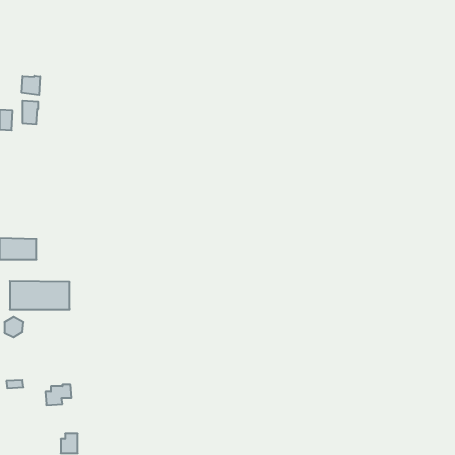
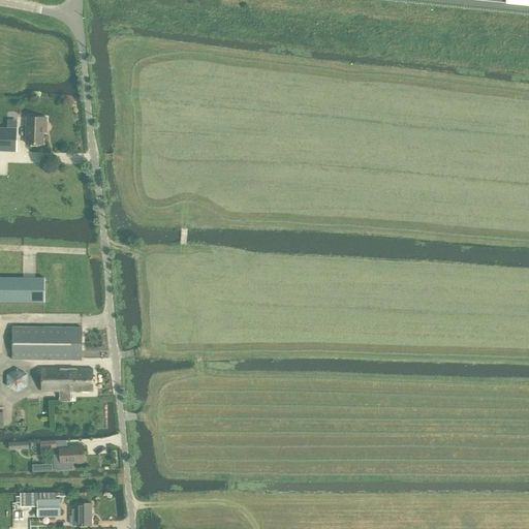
building: [22,76,40,95] -> none
building: none -> [39,367,92,401]
building: none -> [32,492,62,516]

